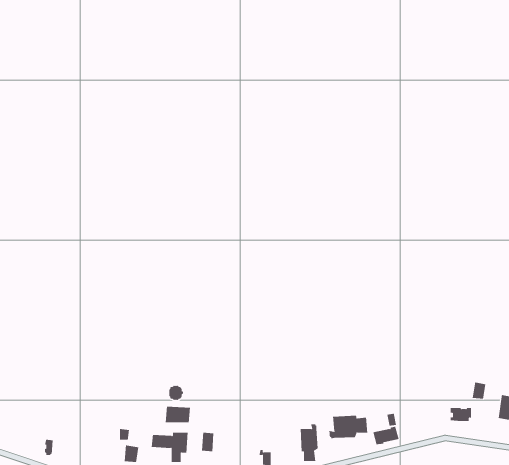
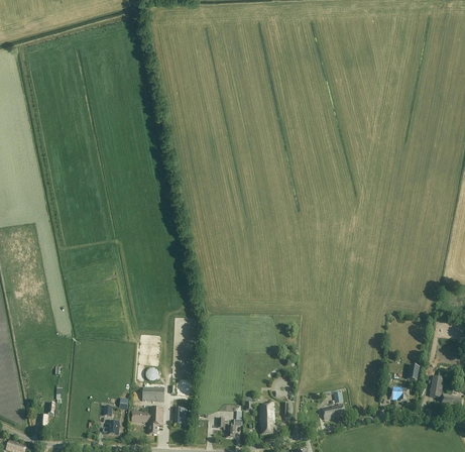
building: [329,415,368,439] -> none

